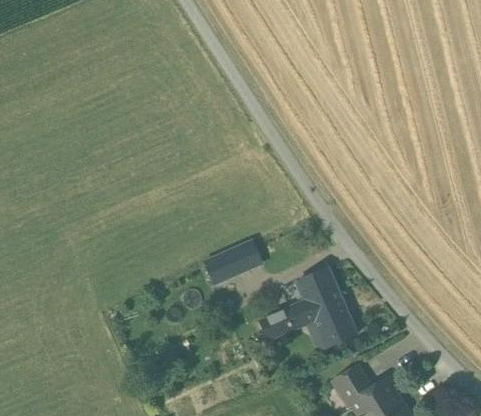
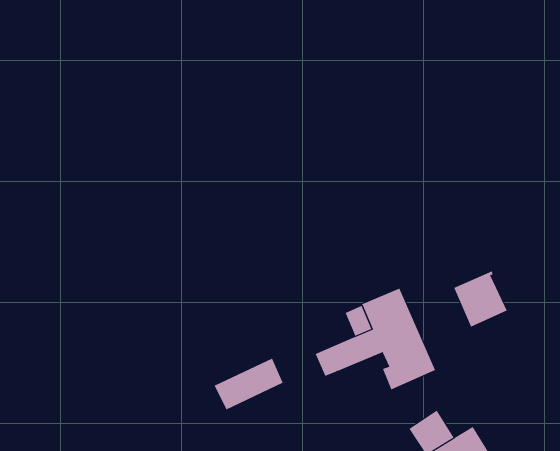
building: [205,245,261,287] -> [214,358,284,410]
building: none -> [453,271,508,327]

